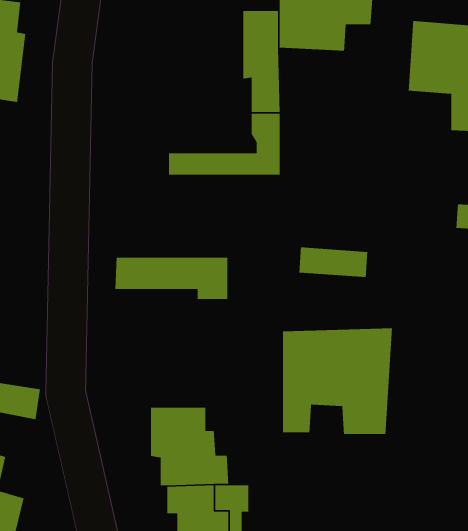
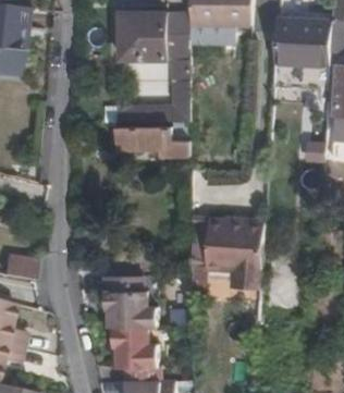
building: none -> [118,13,163,59]
building: [114,257,228,300] -> [113,126,188,155]

